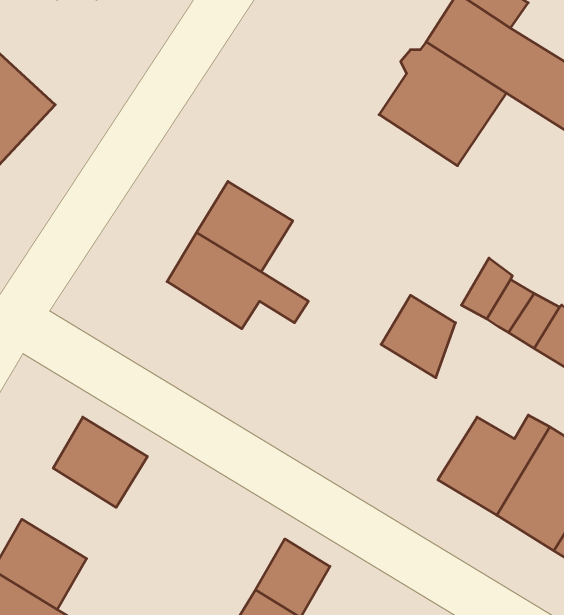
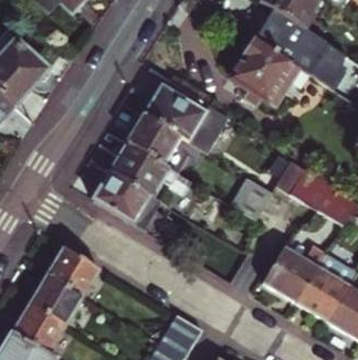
building: none -> [145,85,230,152]
building: none -> [93,170,161,227]
building: none -> [29,275,82,326]

